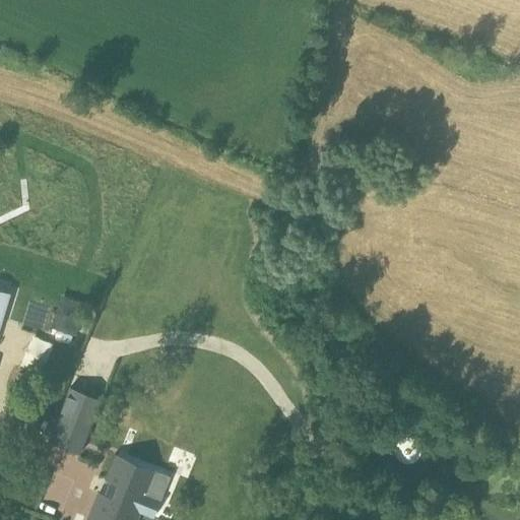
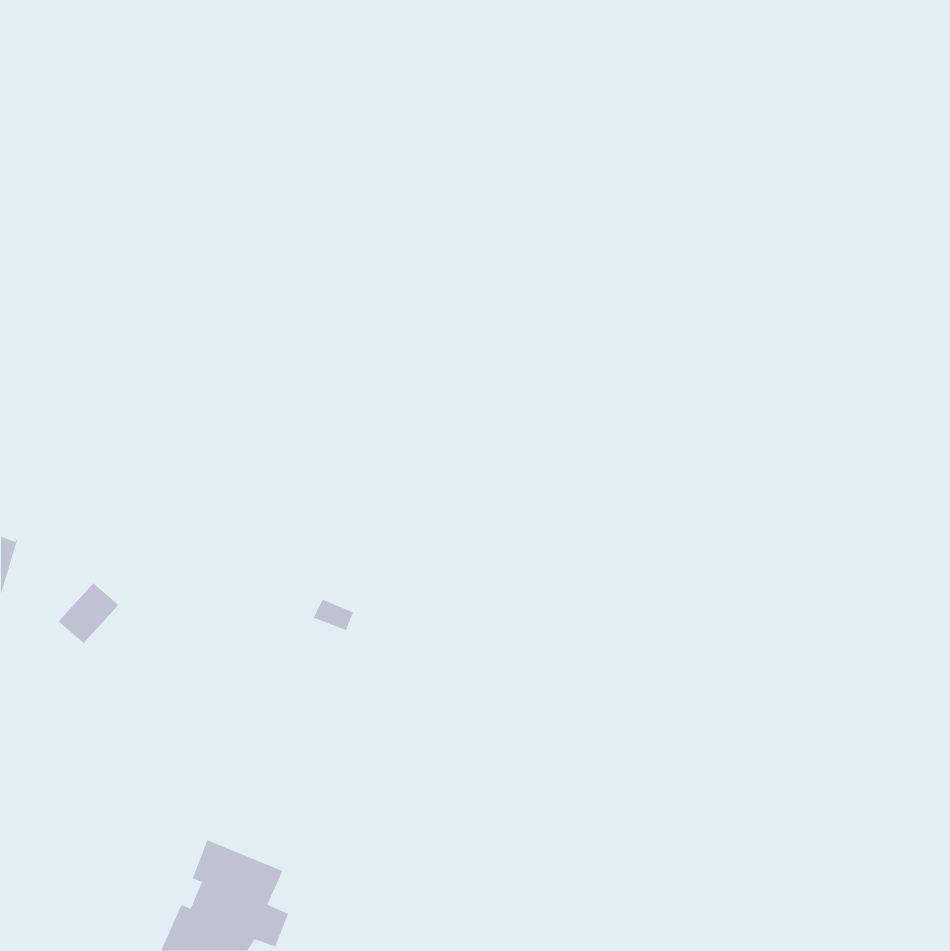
building: [50,387,102,453] -> none

